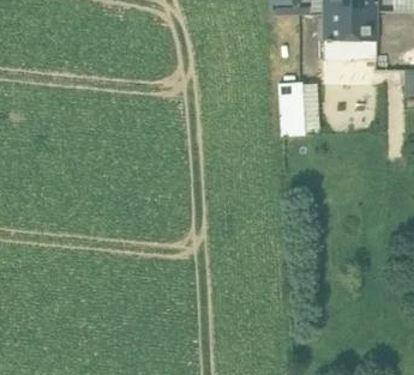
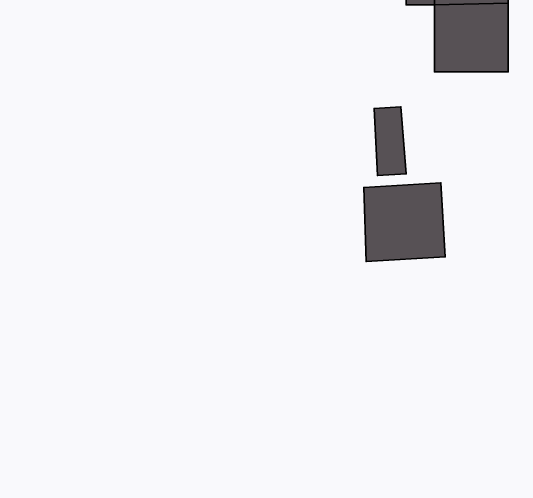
building: none -> [364,183,445,261]

